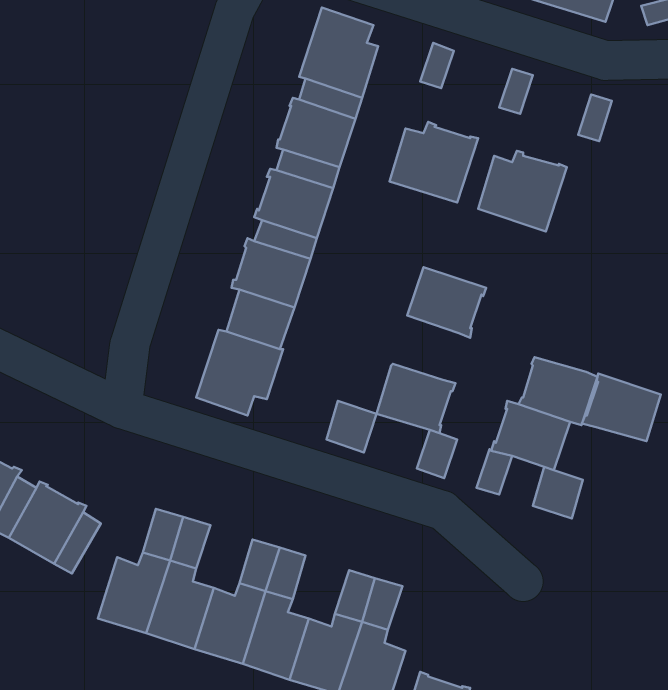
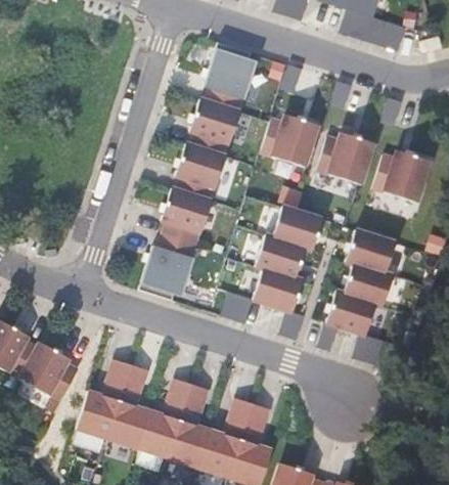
building: none -> [374,149,431,201]
building: none -> [256,234,306,277]
building: [582,374,661,441] -> [346,229,396,272]

